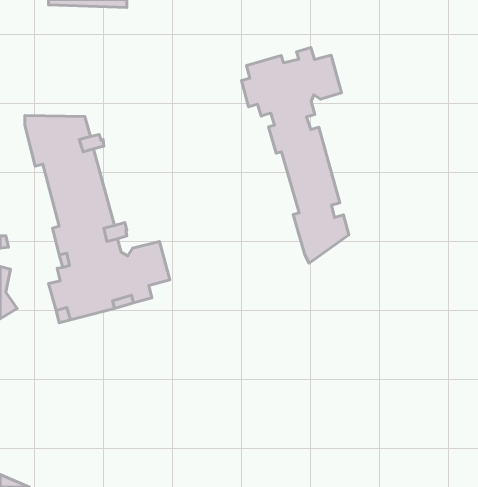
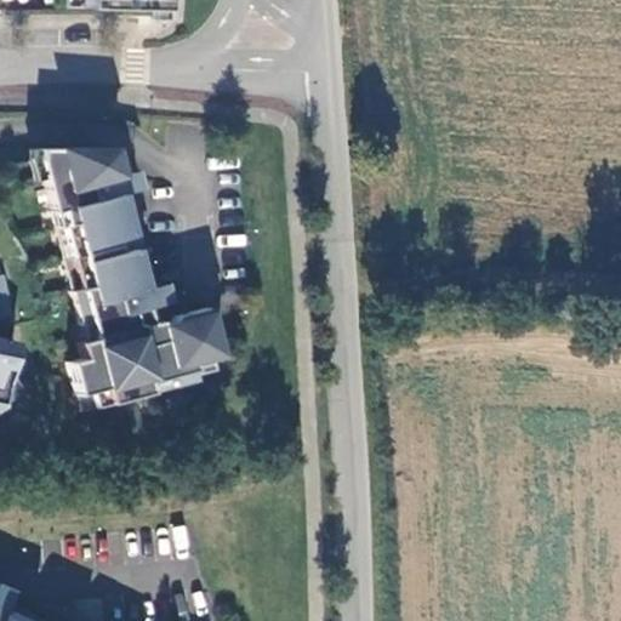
building: [241,48,349,263] -> none

